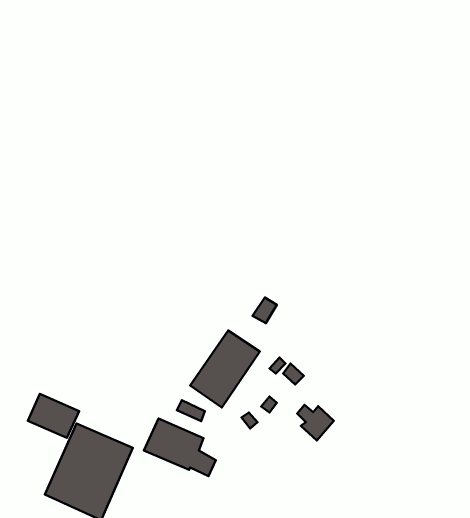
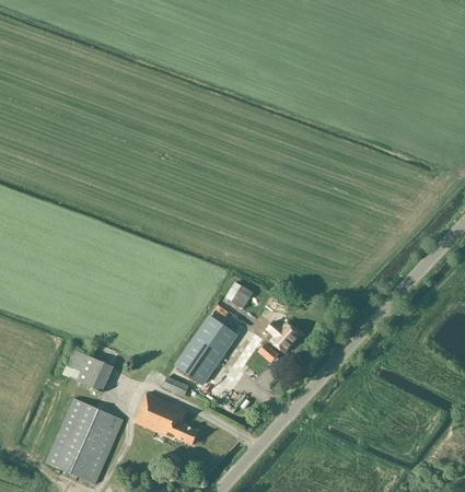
building: [28,394,79,438] -> [63,349,109,388]
building: [297,405,334,440] -> [267,324,300,355]

